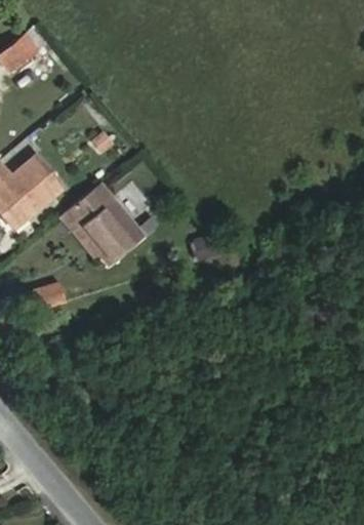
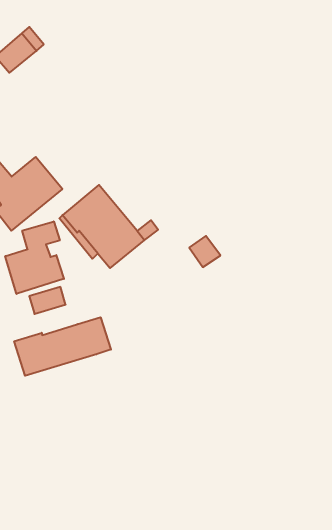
building: none -> [5,221,64,294]
building: none -> [14,317,111,376]

